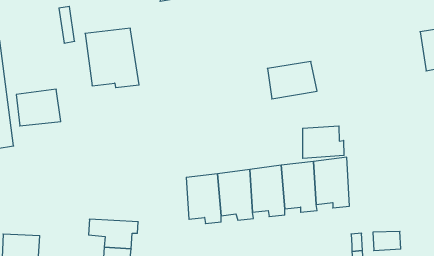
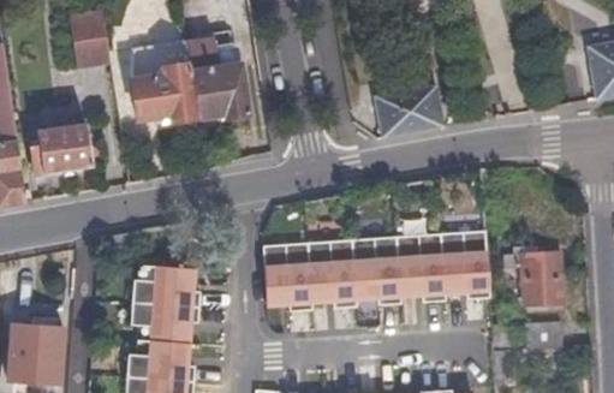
building: none -> [187,38,248,119]
building: [303,126,344,158] -> none
building: none -> [503,249,562,303]
building: none -> [131,270,199,308]

